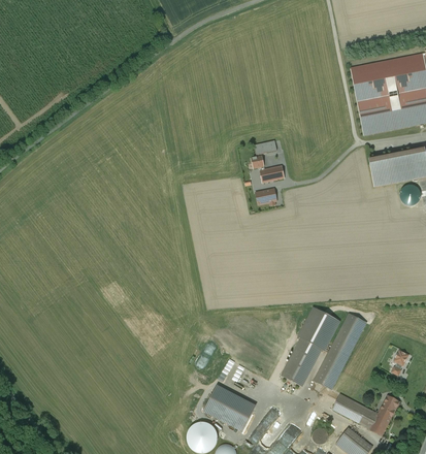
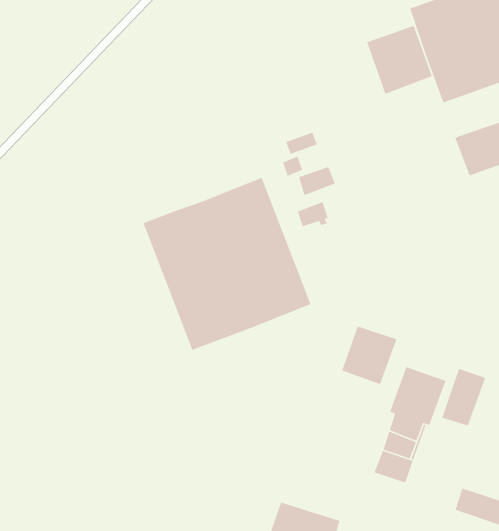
building: none -> [366,25,433,95]
building: none -> [143,177,312,351]
building: none -> [341,325,398,385]
building: [314,345,350,388] -> none

